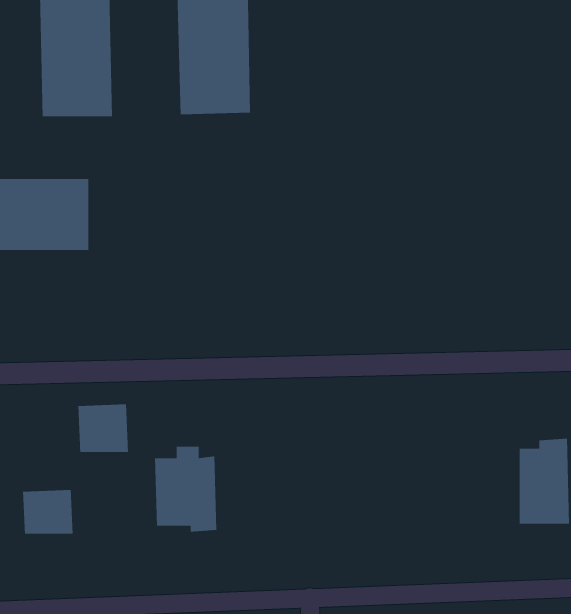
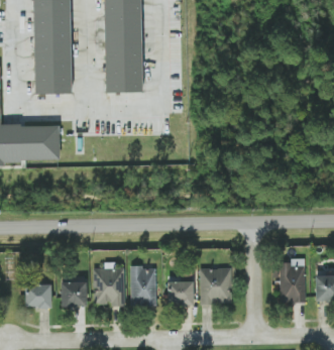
building: [77,403,129,453] -> [61,281,87,307]
building: none -> [130,267,156,307]
building: none -> [199,268,231,305]
building: none -> [168,281,194,305]

